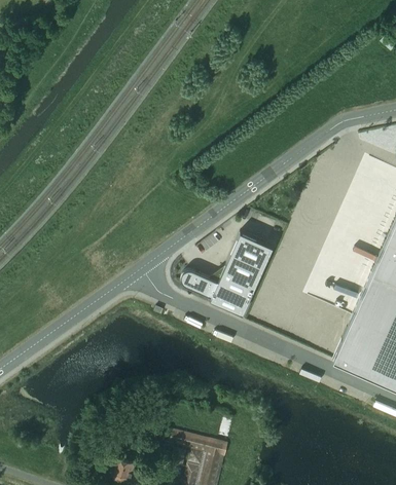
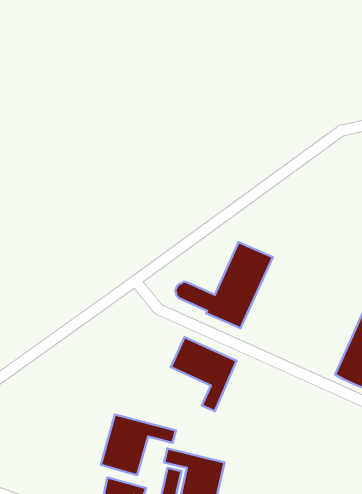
building: none -> [171,337,236,411]
building: none -> [101,414,176,475]

